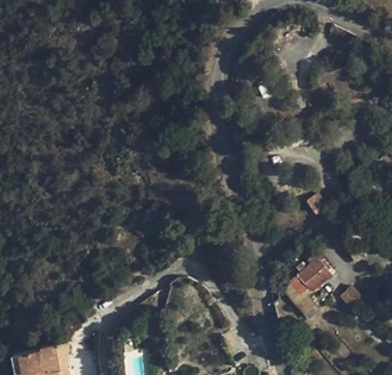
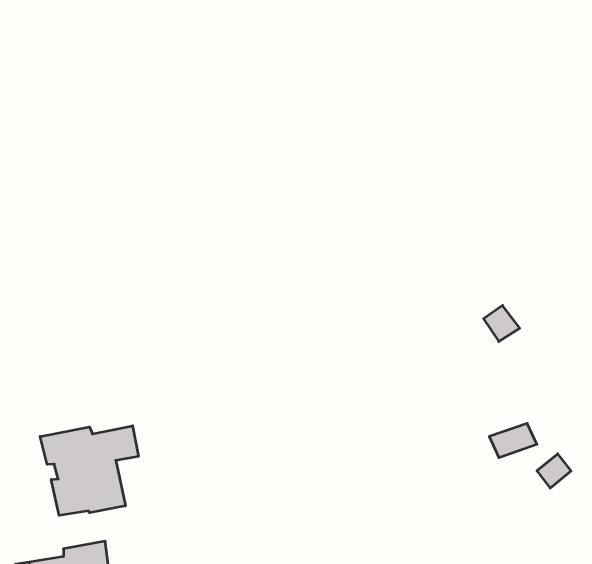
building: none -> [40,426,138,515]

